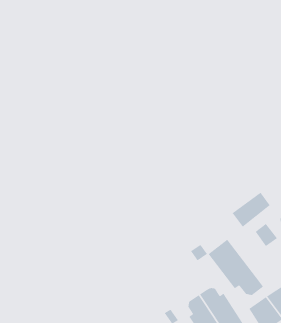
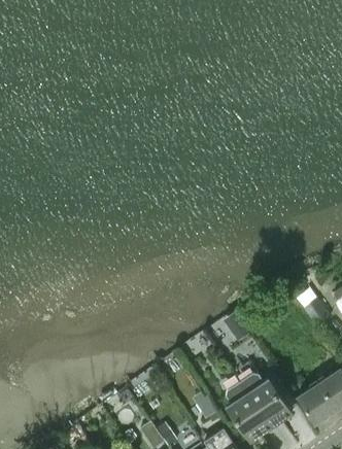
building: [232,192,270,227] -> none
building: [208,239,264,296] -> none

